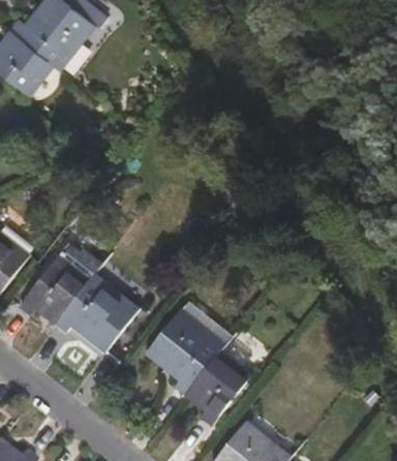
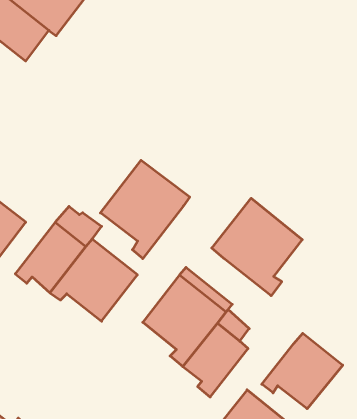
building: none -> [100,160,190,259]
building: none -> [212,198,302,296]
building: none -> [262,333,343,409]

